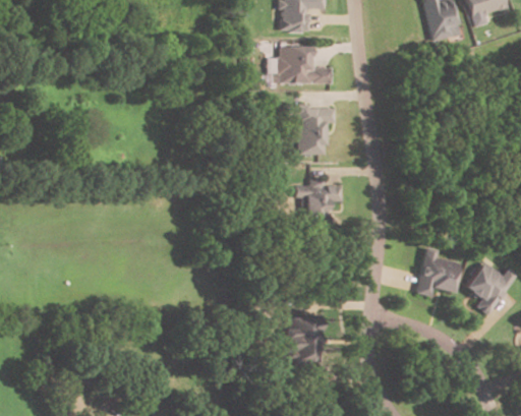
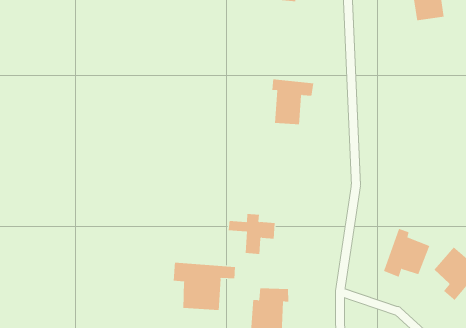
building: [278,46,330,82] -> none
building: [294,178,341,218] -> [228,214,276,254]
building: none -> [173,262,236,311]

